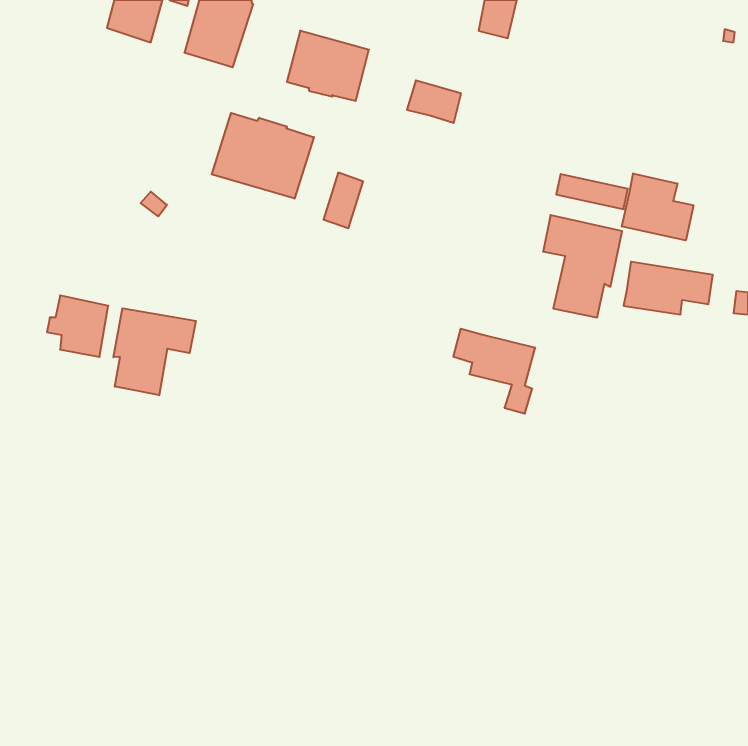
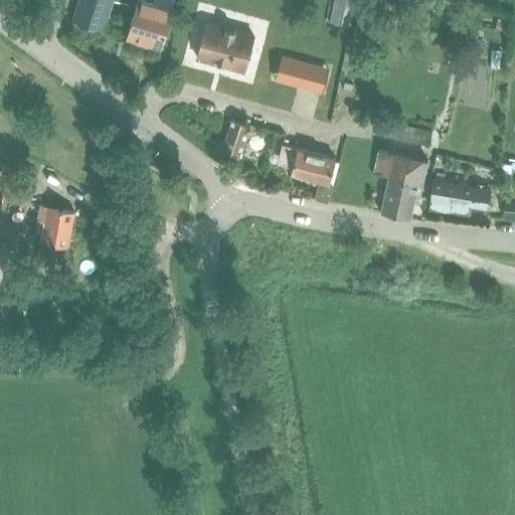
building: [212,113,314,199] -> none
building: [622,173,694,240] -> none
building: [113,308,196,395] -> none
building: [453,329,535,414] -> [279,145,335,203]

